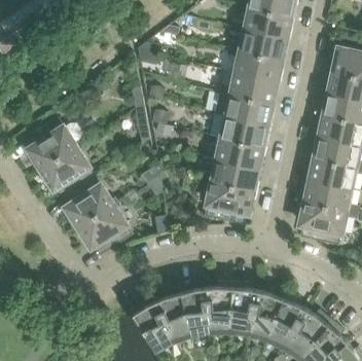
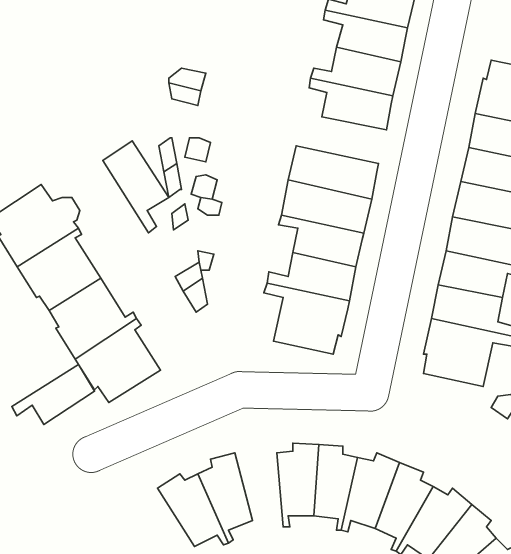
building: [218,77,276,107] -> none
building: none -> [103,141,169,233]
building: none -> [12,364,95,424]
building: [179,287,210,339] -> none

